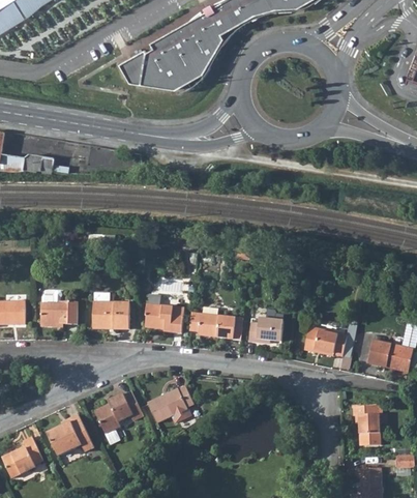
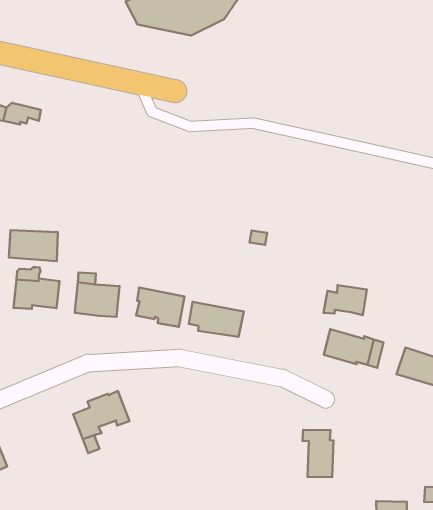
building: none -> [9,230,58,261]
building: [246,318,281,342] -> [324,285,367,315]
building: [148,387,193,423] -> none
building: [353,406,380,446] -> [303,430,333,477]
building: [49,415,94,457] -> none

